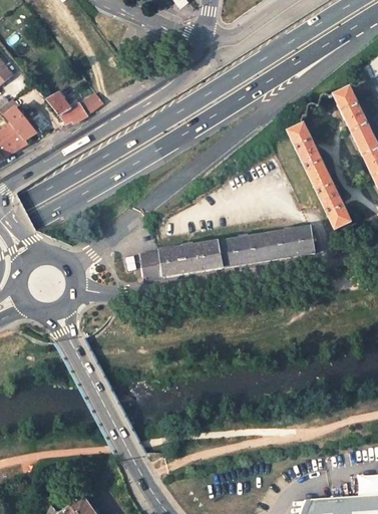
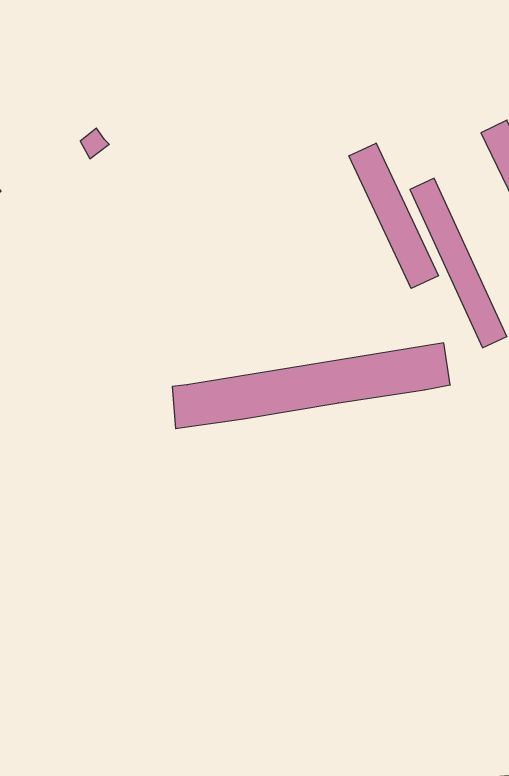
building: [46,91,86,123] -> none
building: none -> [349,143,438,288]

